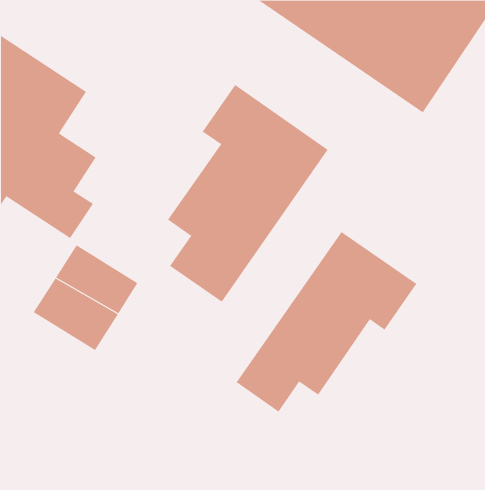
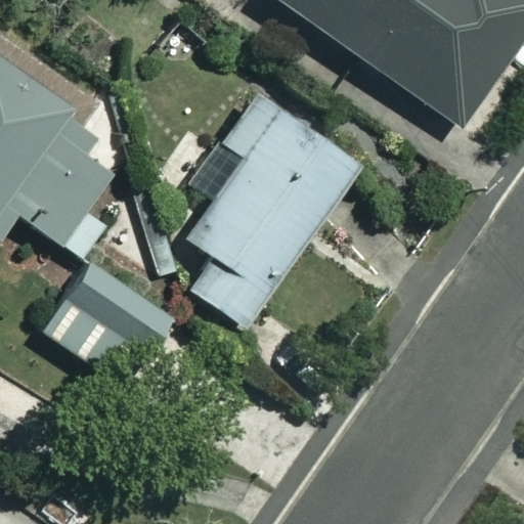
building: [236,231,417,413] -> none

